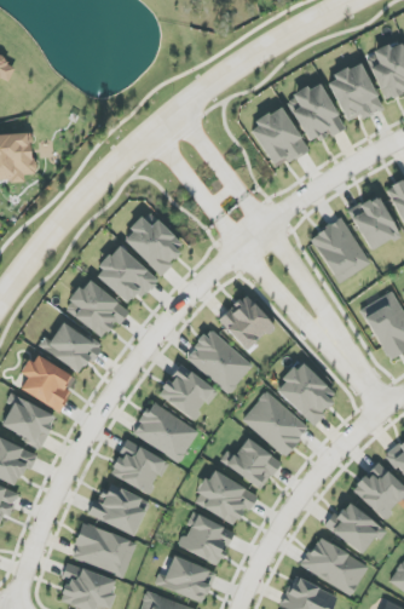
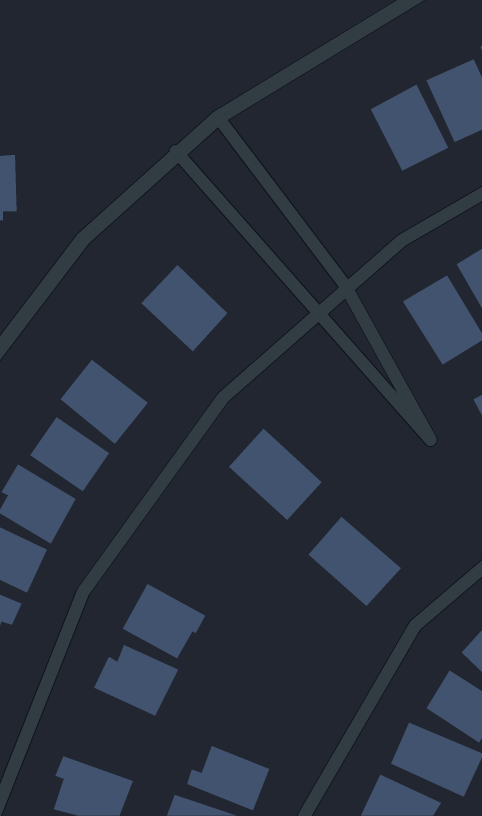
building: [248,107,308,170] -> none
building: [94,245,158,303] -> none
building: [218,294,275,351] -> none
building: [275,361,339,424] -> none
building: [158,364,218,420] -> none
building: [132,402,198,463] -> none
building: [219,439,281,488] -> none
building: [194,470,258,524] -> none
building: [178,512,235,565] -> none
building: [71,524,135,575] -> none

